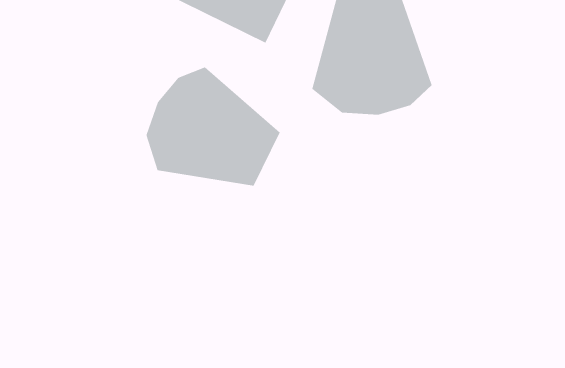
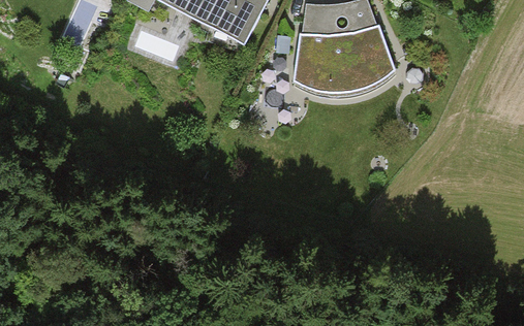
building: [146,67,281,186] -> none

